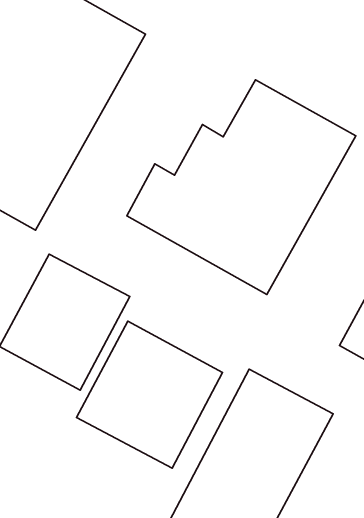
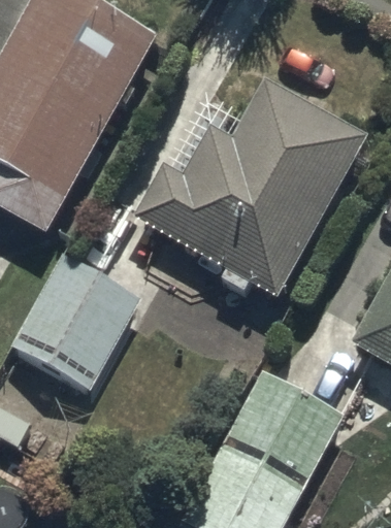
building: [76,321,223,468] -> none

